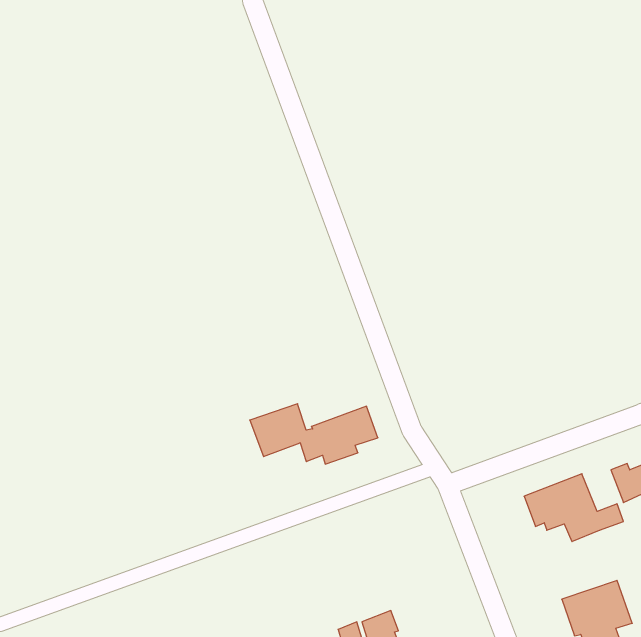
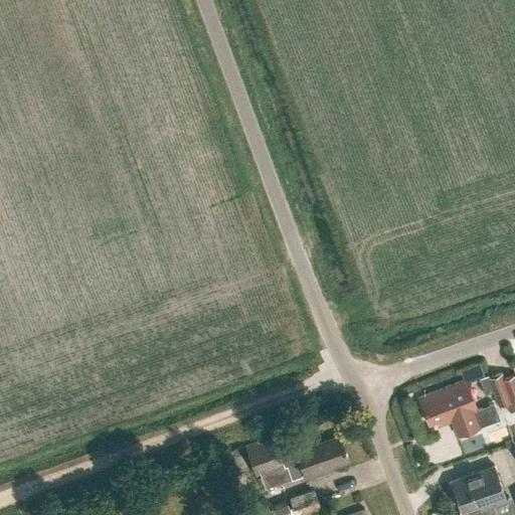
building: [250,404,378,464] -> [246,437,349,485]

